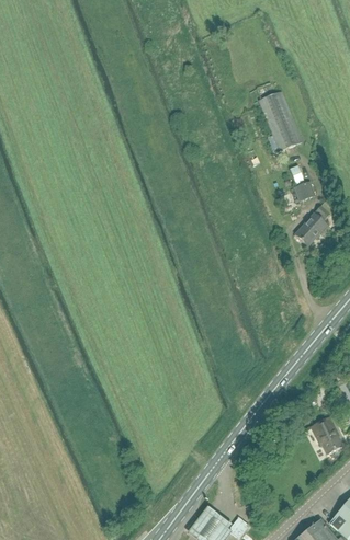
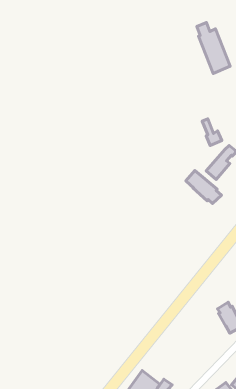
building: [257,83,302,152] -> [197,22,230,74]
building: none -> [186,171,221,204]

